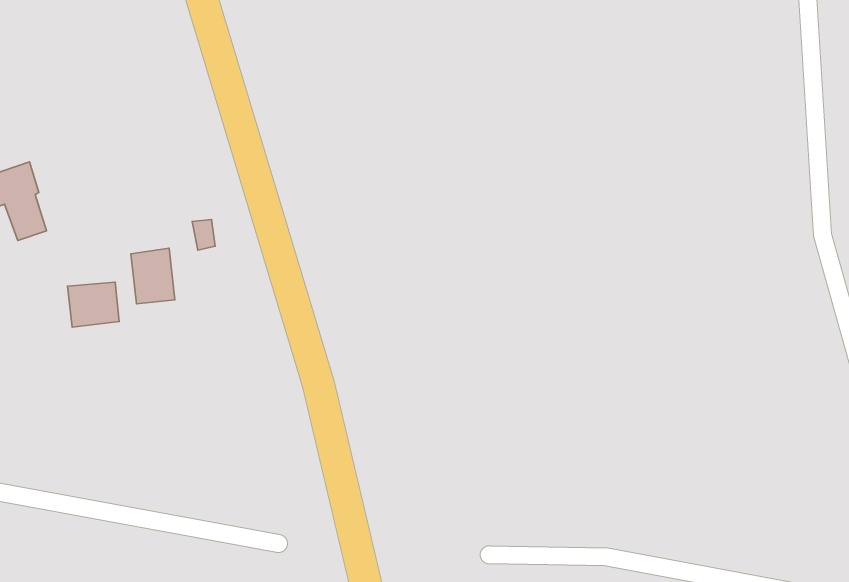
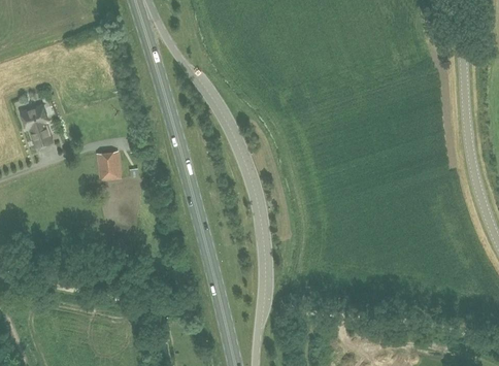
building: [67,282,119,327] -> none

